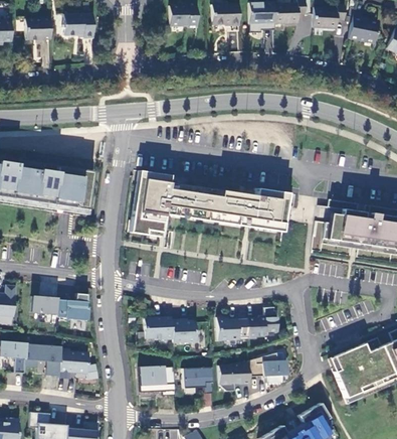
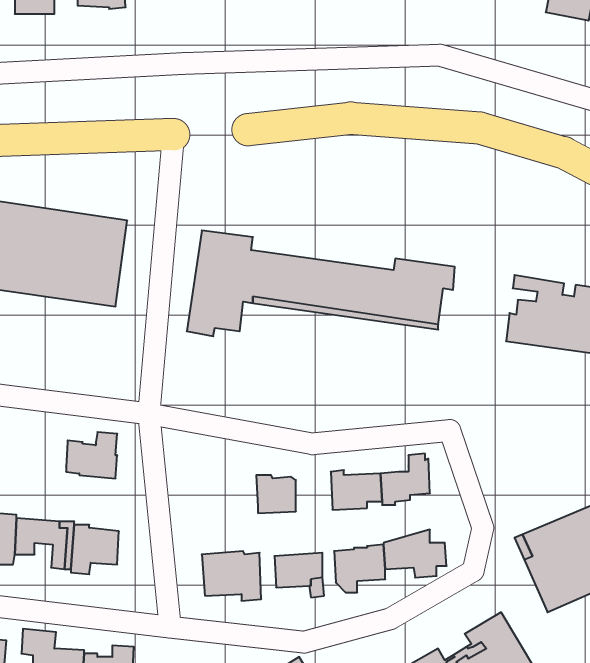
building: [31,297,58,314] -> none
building: [145,310,174,339] -> none

